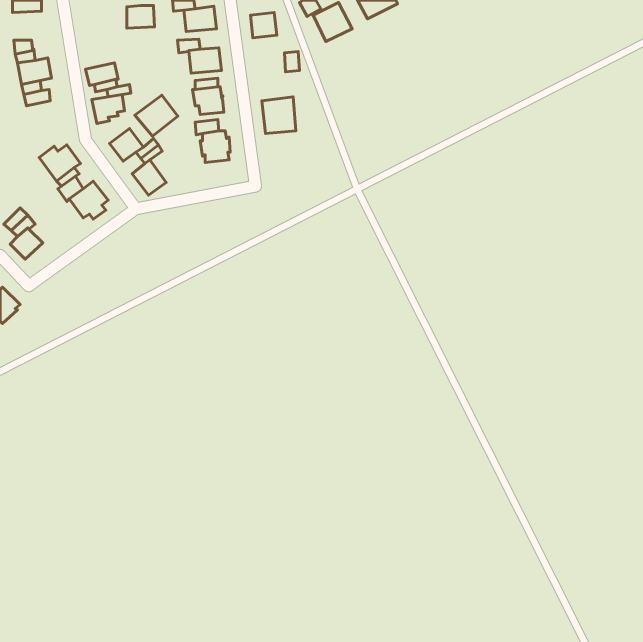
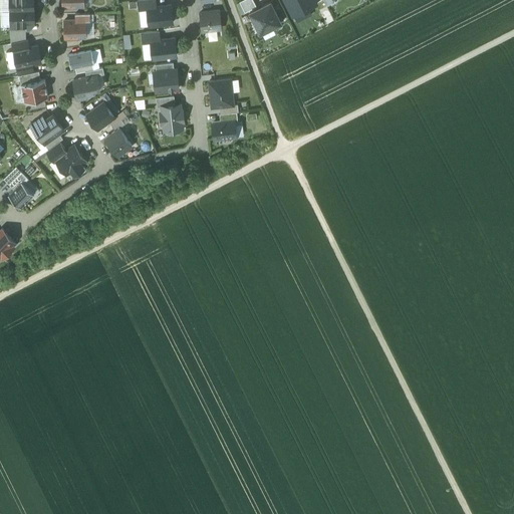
building: [127,5,155,28] -> [64,21,86,39]
building: none -> [10,10,34,26]
building: [135,95,178,136] -> none
building: none -> [21,80,48,103]
building: none -> [212,119,238,139]

